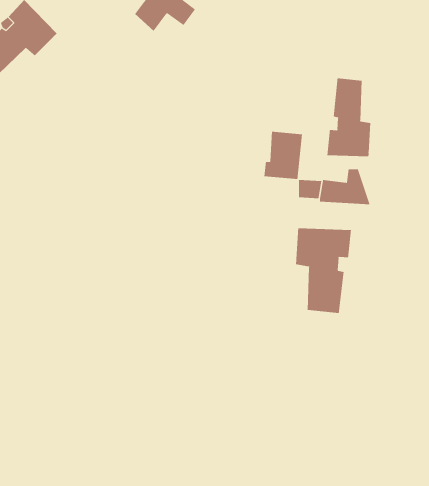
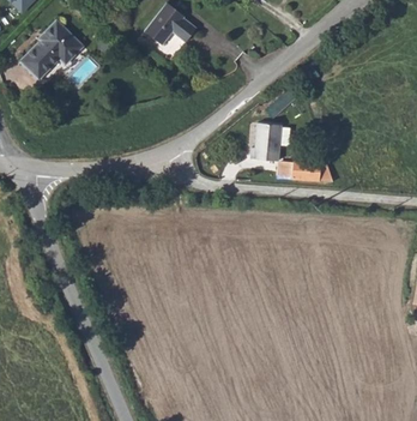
building: [327,77,371,157] -> none
building: [295,228,351,314] -> none

